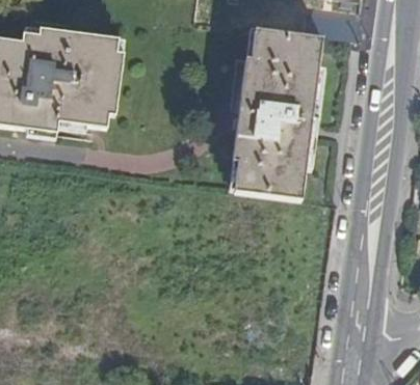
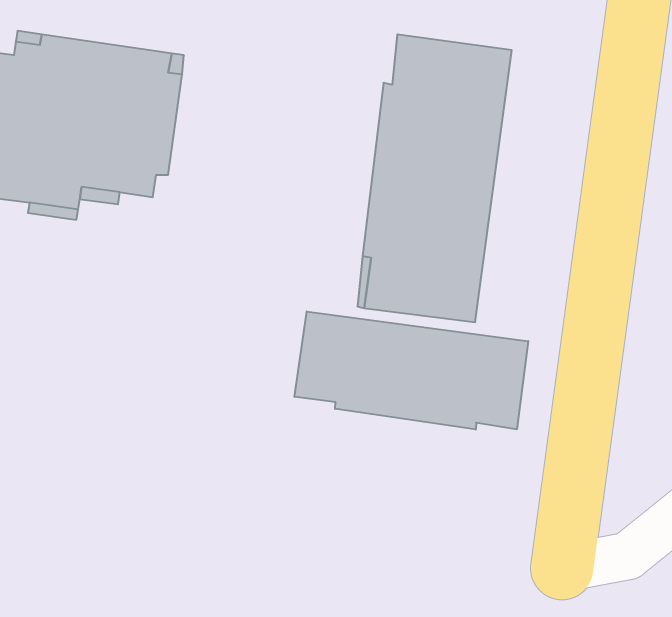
building: none -> [295,311,528,430]

